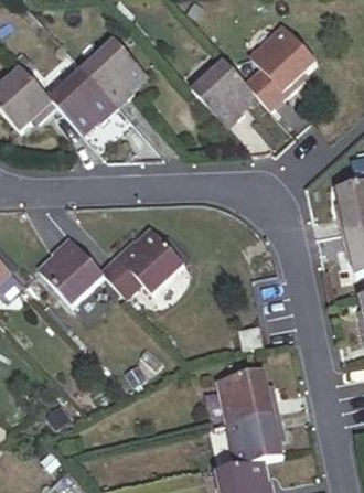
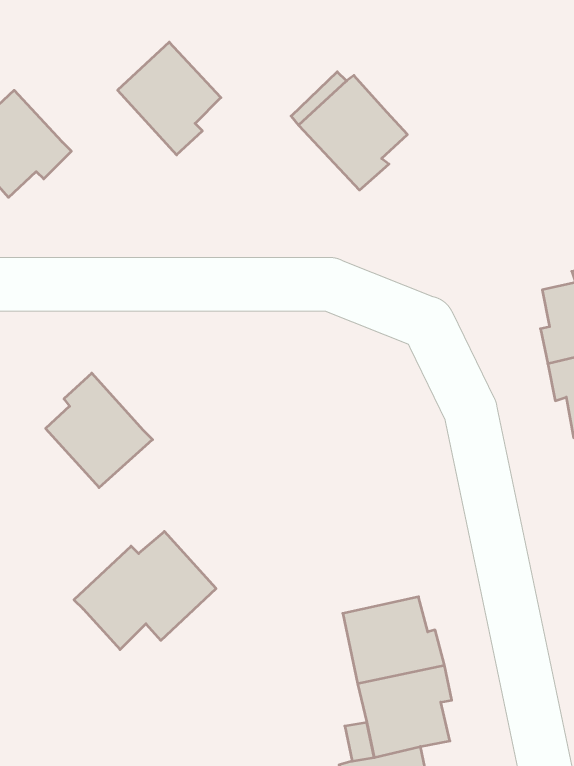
building: [245,26,315,109] -> none
building: [51,67,119,132] -> none
building: [99,229,184,300] -> [74,531,216,650]

